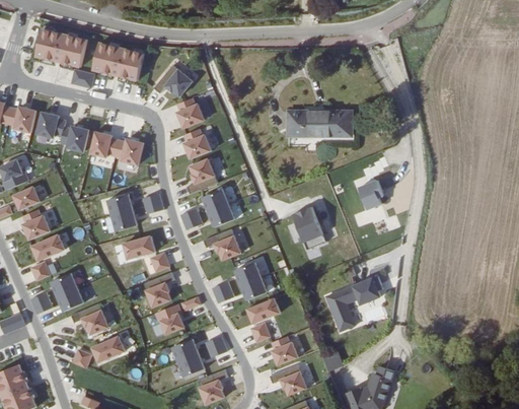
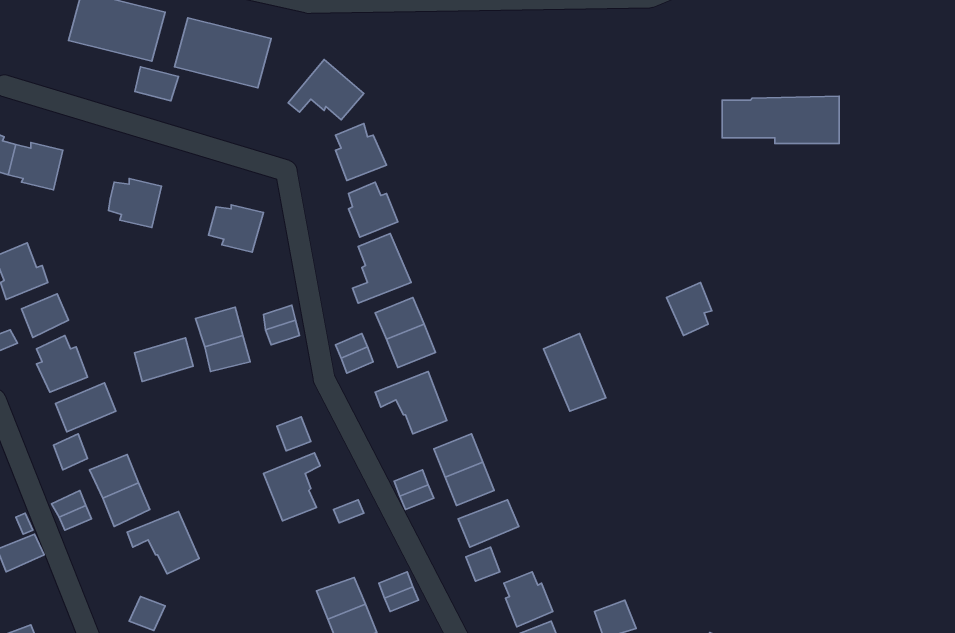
building: [288,111,351,136] -> [722,96,839,144]
building: [36,112,65,137] -> none
building: [89,131,118,156] -> none
building: [123,235,154,259] -> [135,338,193,381]
building: [326,278,384,334] -> none
building: [154,304,183,334] -> none
building: [92,338,125,364] -> none

